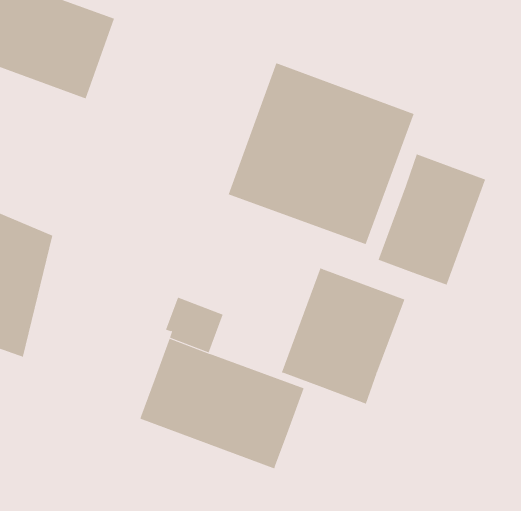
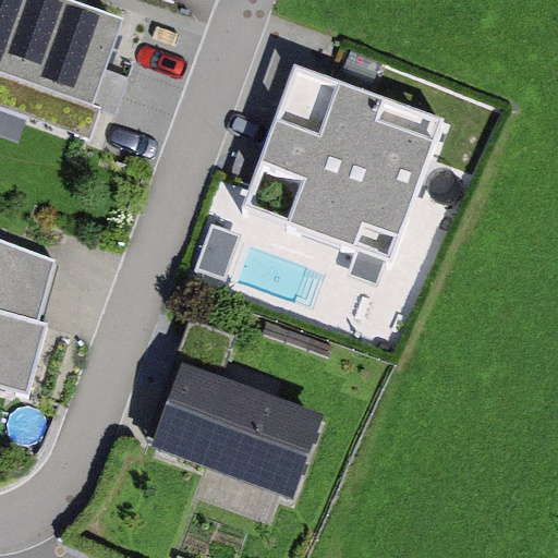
building: [378,154,486,286] -> none
building: [281,268,405,404] -> none

